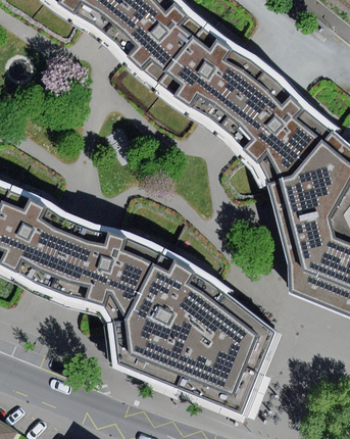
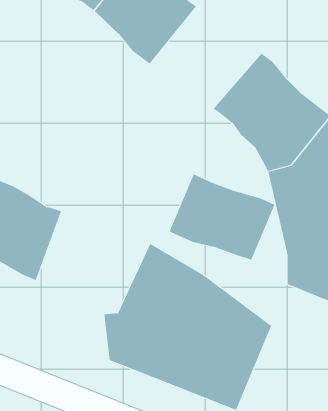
building: [158,26,264,123] -> none
building: none -> [169,173,275,261]
building: [50,221,158,319] -> none

